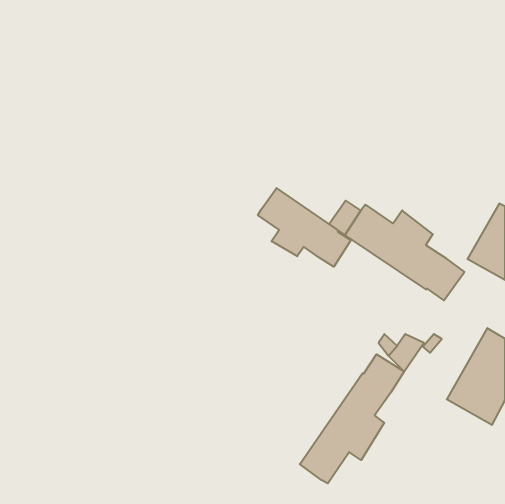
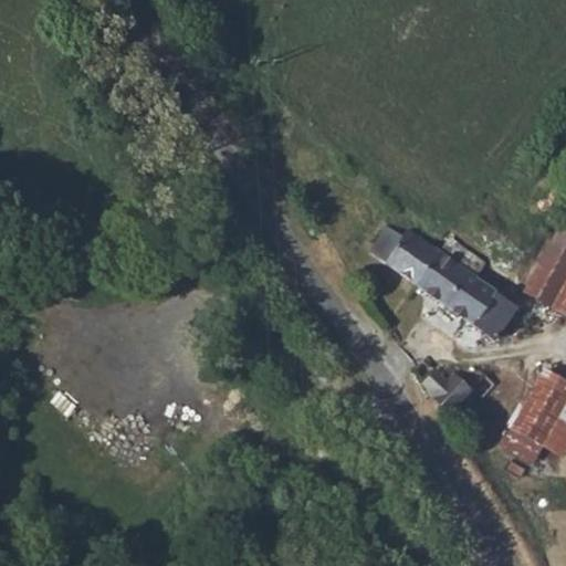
building: [258,188,351,267] -> none
building: [300,354,404,483] -> none

